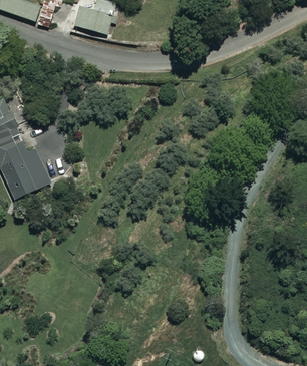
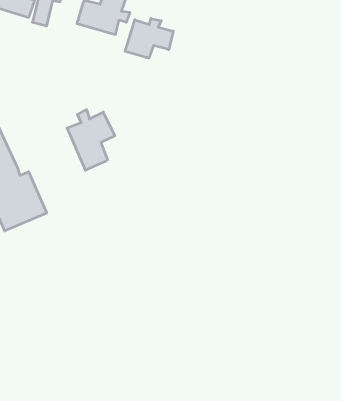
building: none -> [125,18,173,58]
building: none -> [67,110,115,170]

